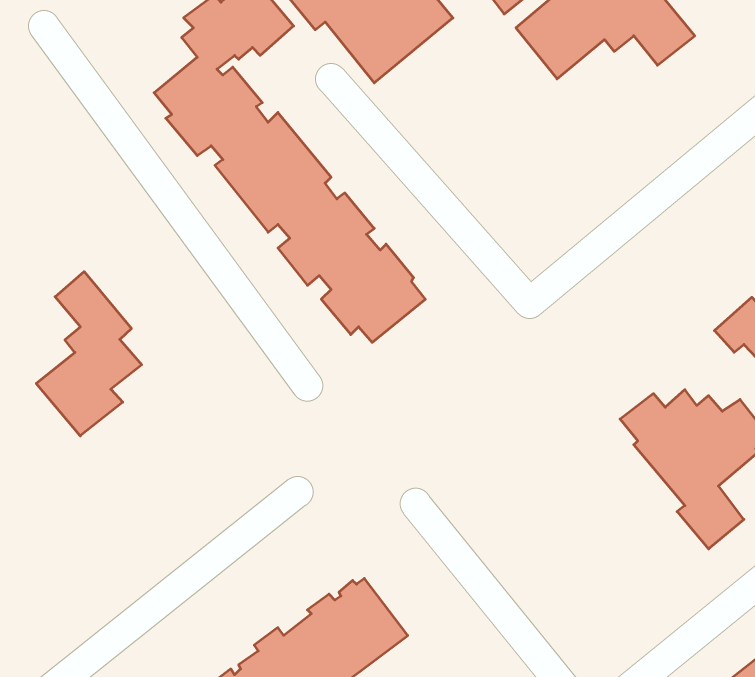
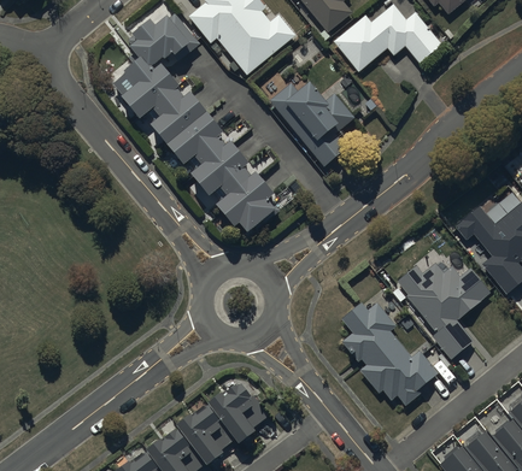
building: none -> [270,84,354,170]
building: [36,272,142,436] -> none
building: none -> [341,302,440,407]

